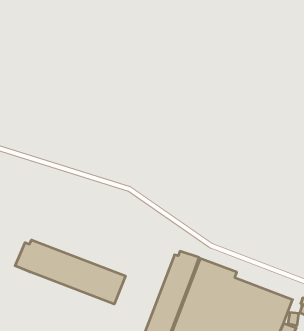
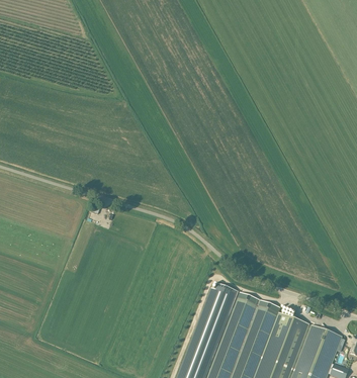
building: [15,240,125,304] -> none

